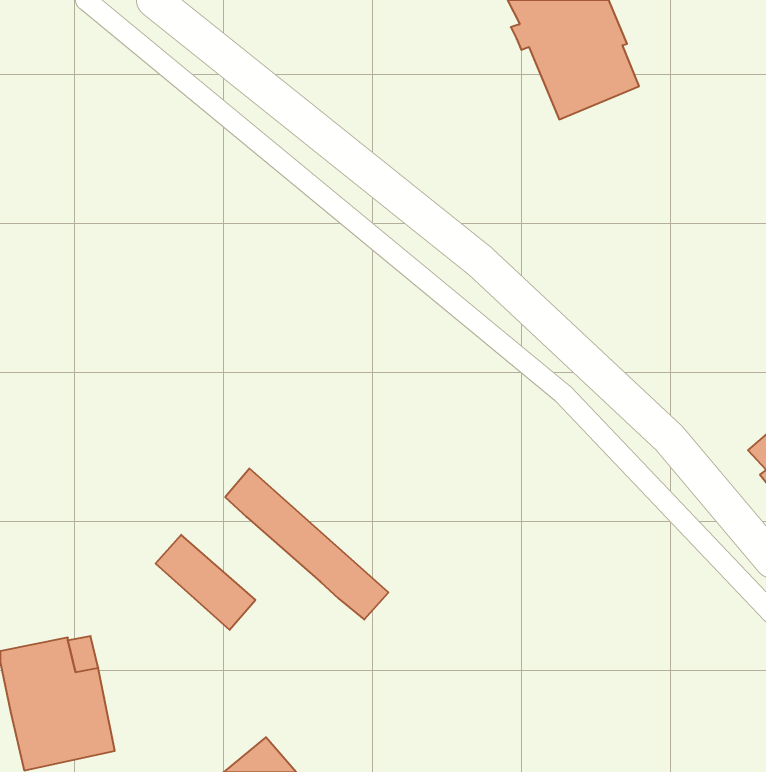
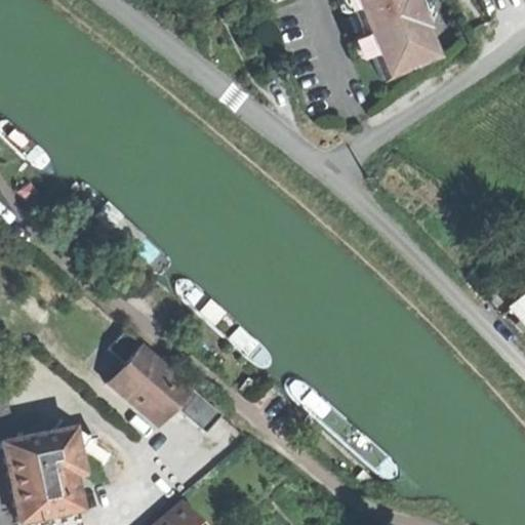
building: [225,469,388,620] -> [113,330,224,433]
building: none -> [50,420,98,474]

